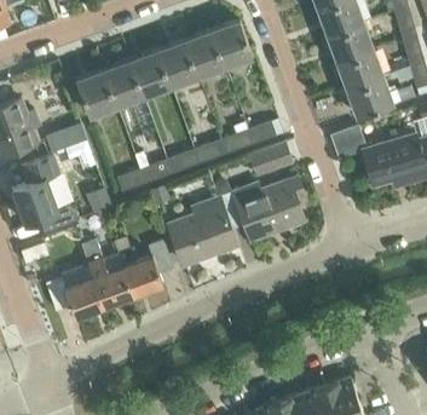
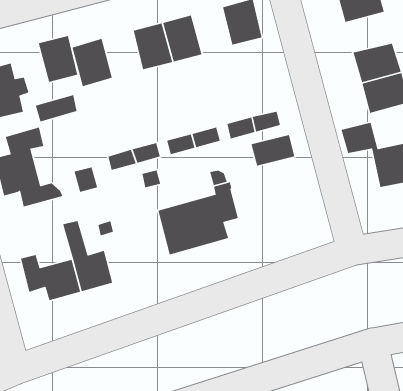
building: [327,22,373,62] -> none
building: [184,30,224,76] -> none
building: [103,59,143,105] -> [38,35,78,83]
building: [235,177,304,240] -> none
building: [122,241,173,295] -> none

